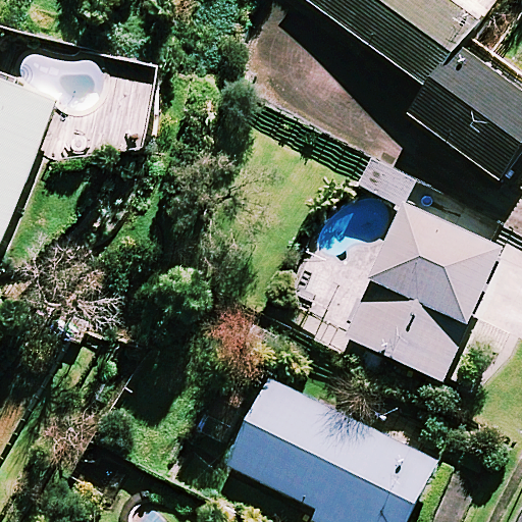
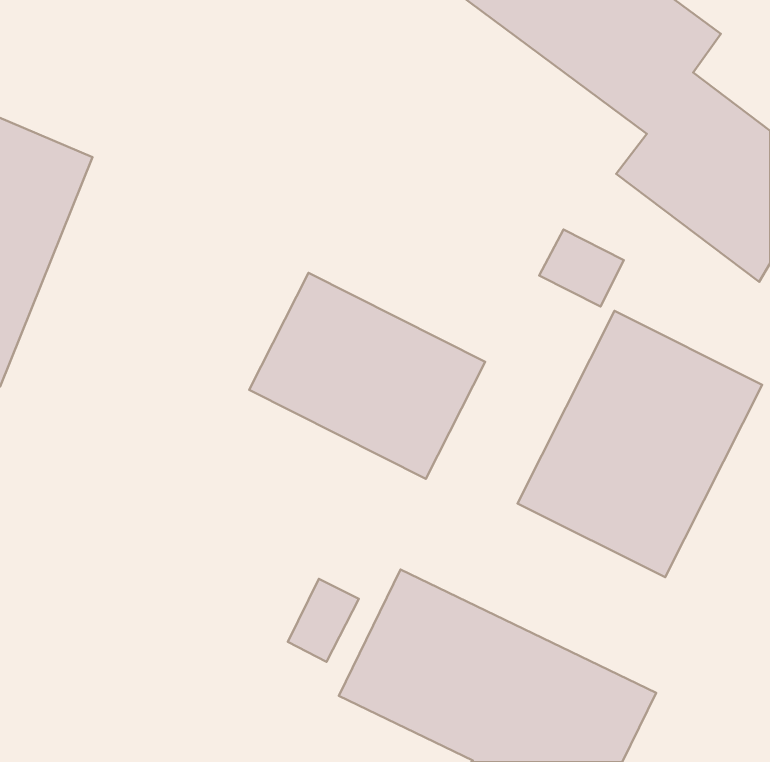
building: none -> [249,273,485,479]

